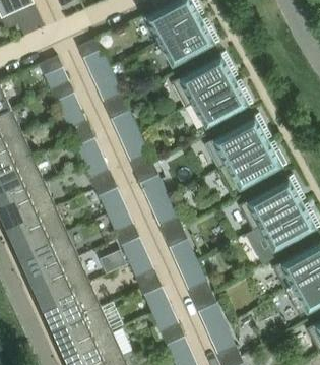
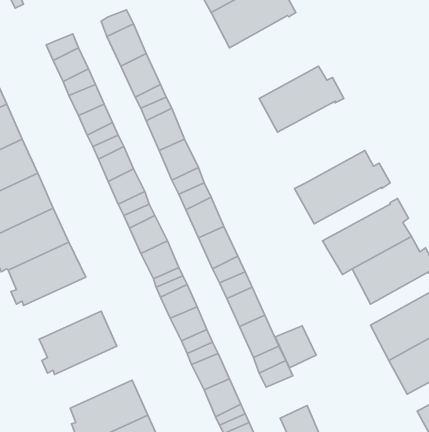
building: [172,53,235,109] -> none
building: [205,115,268,170] -> none
building: [22,234,78,279] -> none
building: [42,284,101,328] -> none
building: [197,305,227,336] -> [275,326,316,368]

